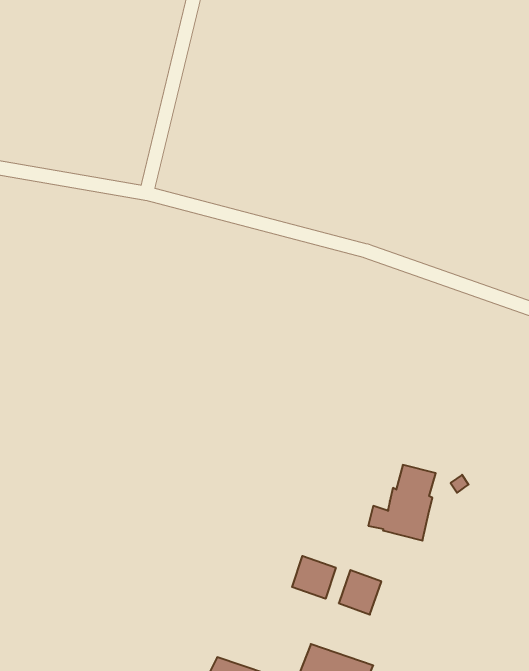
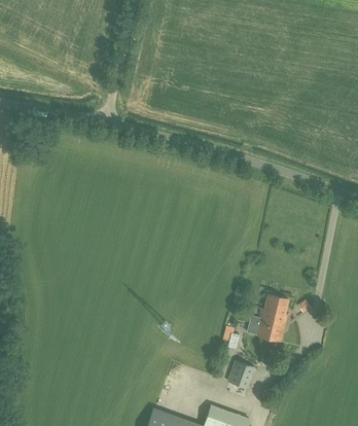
building: [292,556,336,599] -> none

